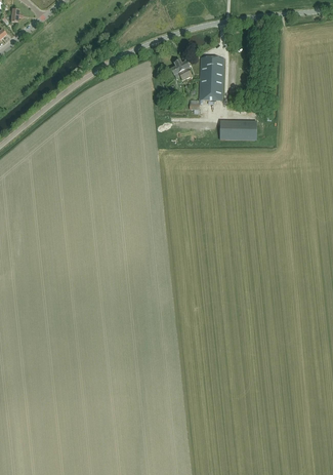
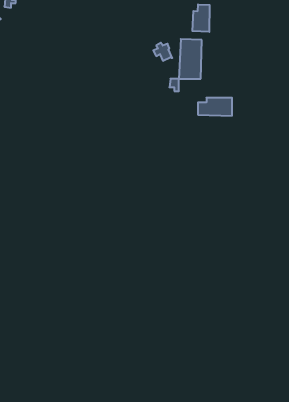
building: none -> [192,4,210,32]

